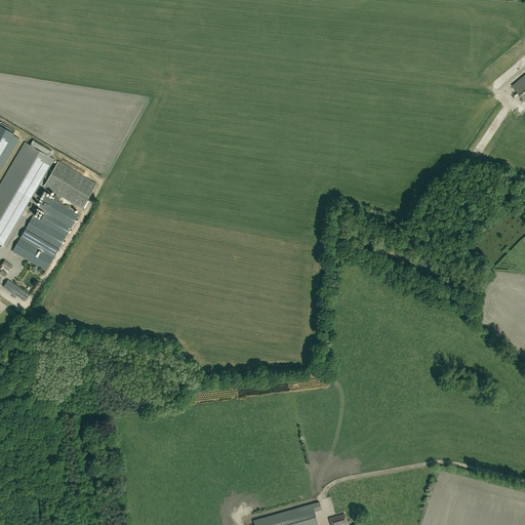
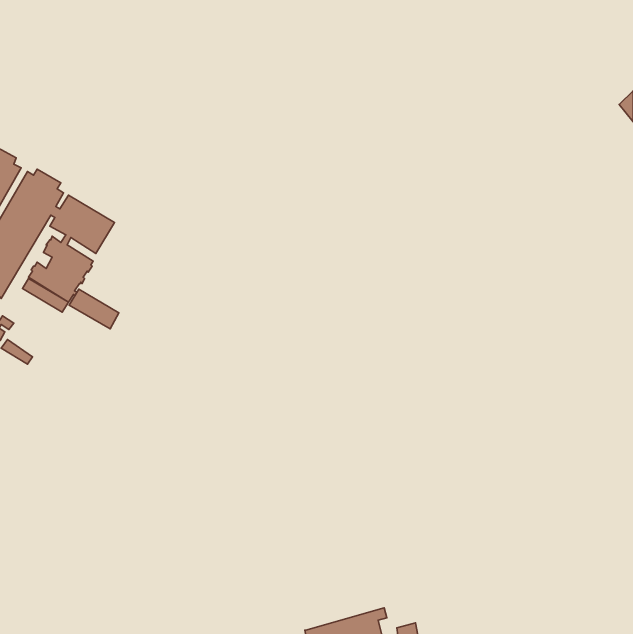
building: [10,239,51,272] -> [69,289,119,329]

